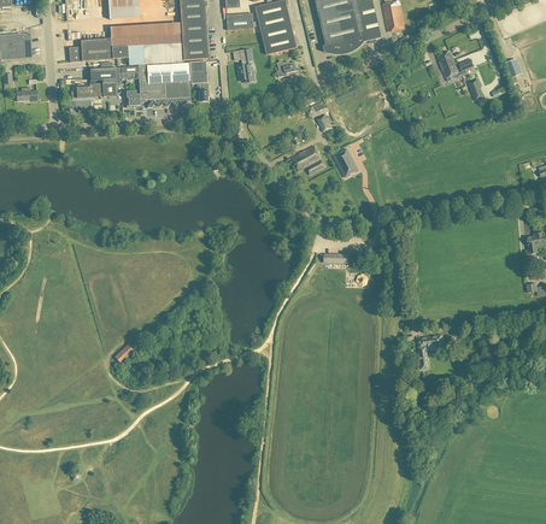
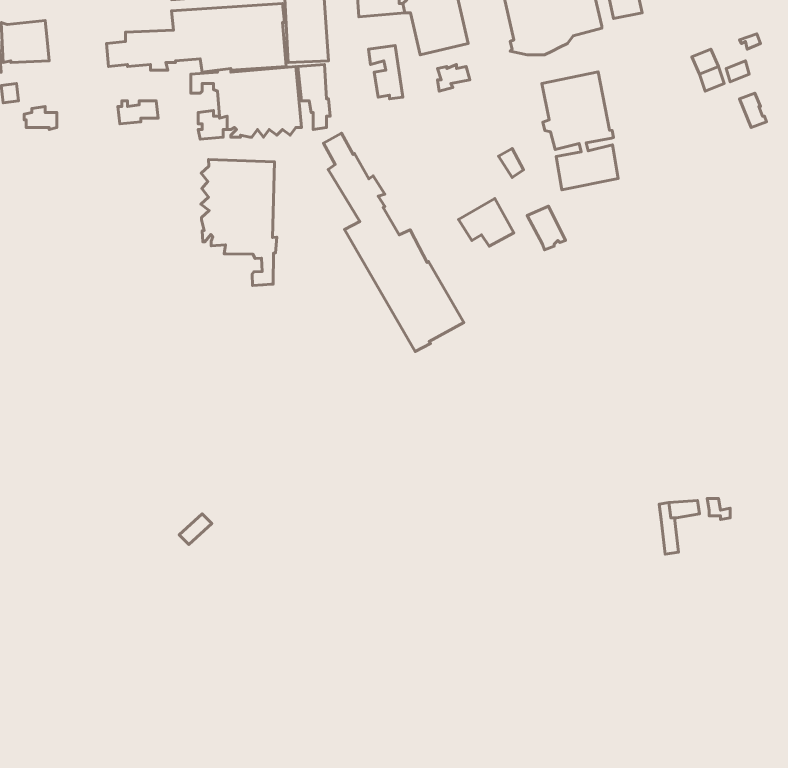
building: none -> [542,72,618,190]
building: [89,66,118,95] -> none
building: none -> [323,133,464,351]
building: none -> [201,159,277,285]

